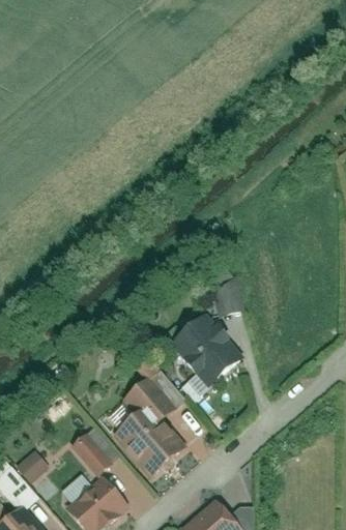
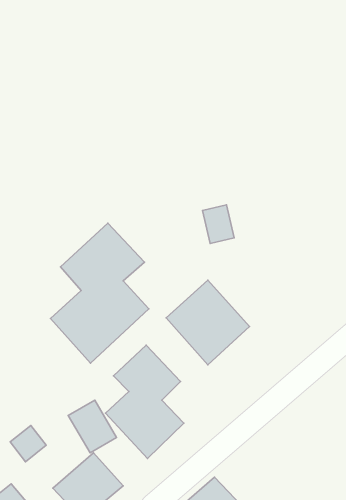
building: none -> [51,223,149,363]
building: [221,276,251,313] -> [202,205,234,243]

